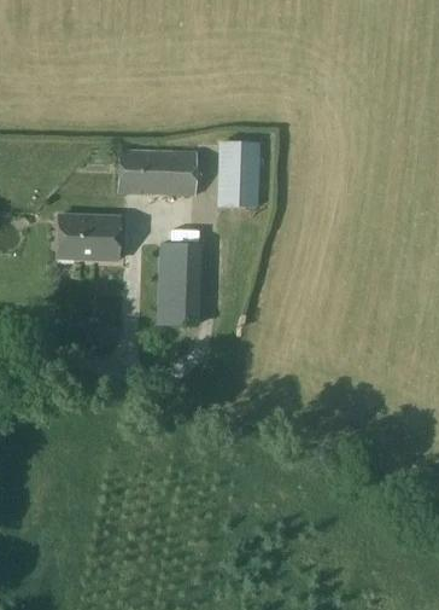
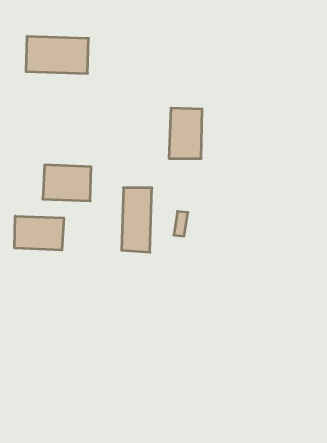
building: [118,149,198,196] -> [26,36,89,73]
building: none -> [15,216,64,250]

